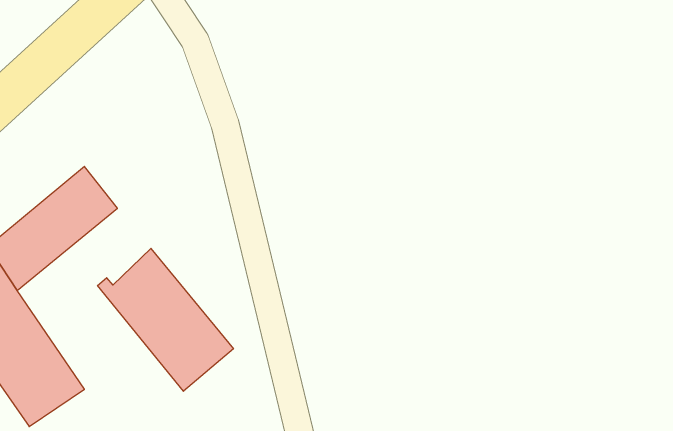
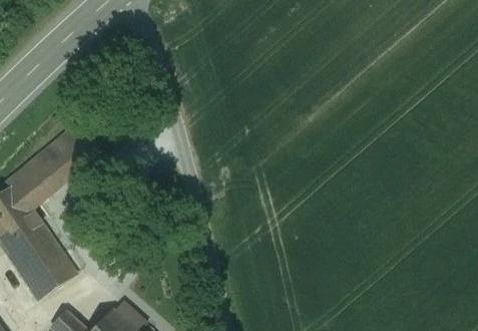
building: [98,248,233,391] -> none

